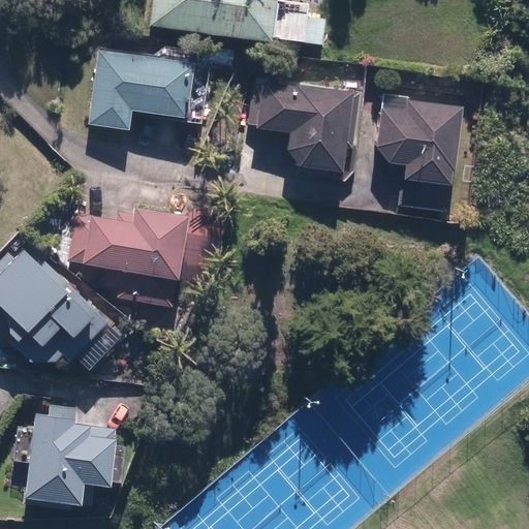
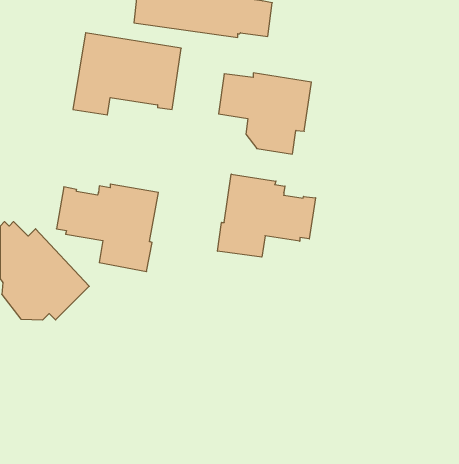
building: [375,101,461,187] -> none
building: none -> [218,174,316,257]
building: [24,403,118,506] -> none

